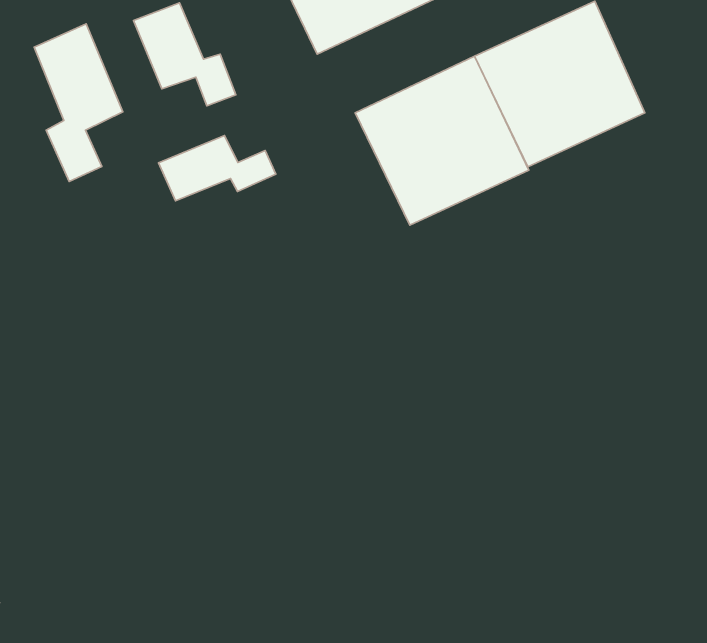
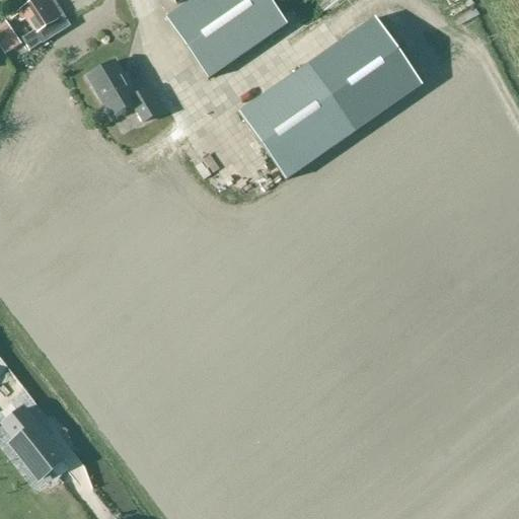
building: [34,24,123,181] -> none
building: [158,135,276,201] -> none

